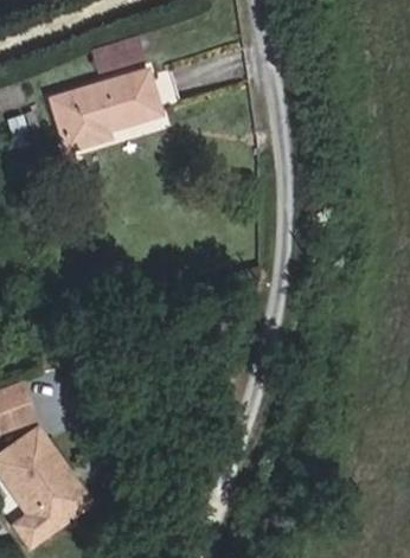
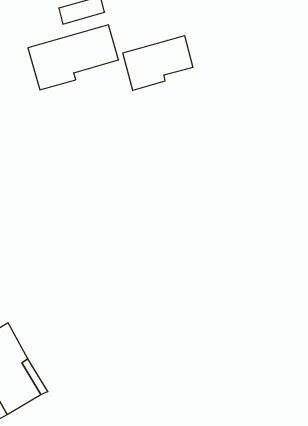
building: none -> [123,36,193,91]

